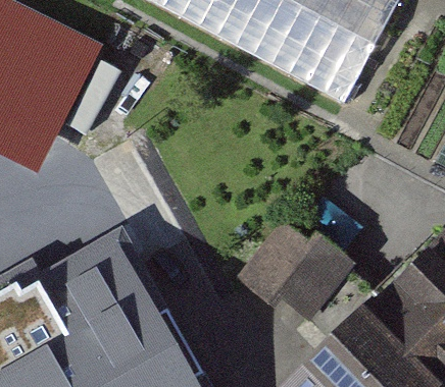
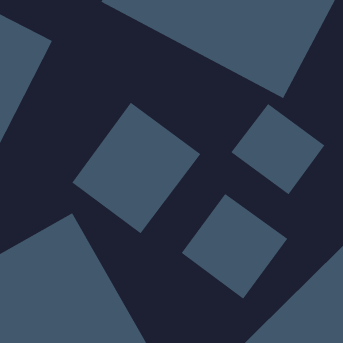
building: none -> [71,102,201,234]
building: none -> [230,103,325,195]

